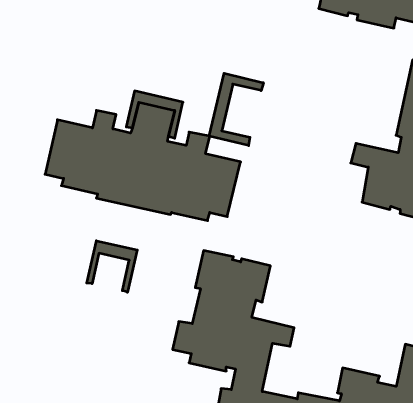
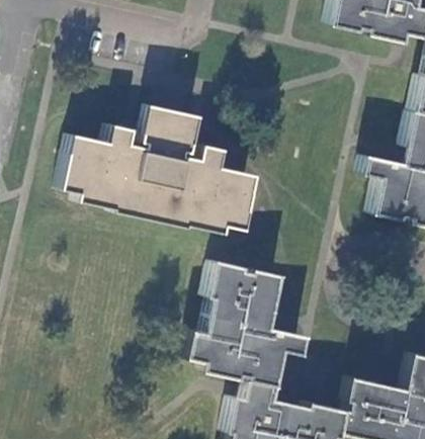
building: [209,73,263,146] -> none
building: [87,241,137,292] -> none

